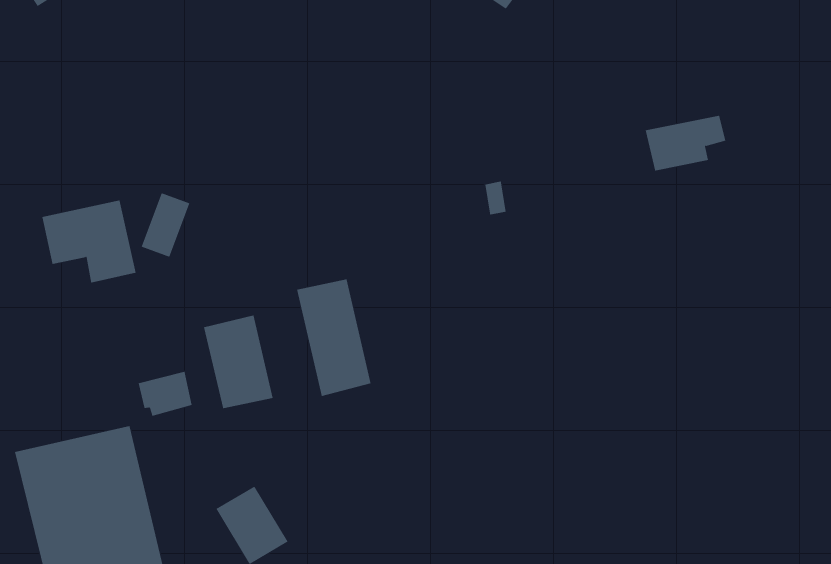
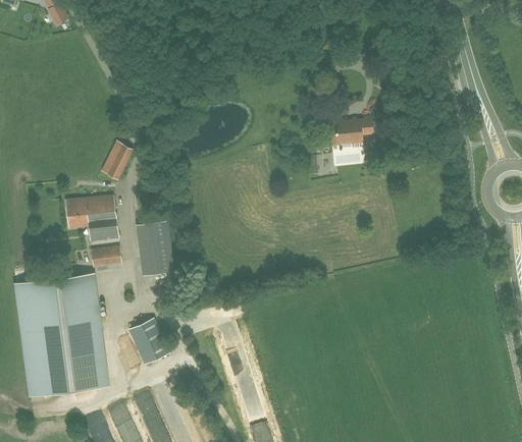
building: [645,115,726,171] -> [327,116,374,145]
building: [42,200,136,283] -> [66,196,118,242]
building: [297,278,371,397] -> none

